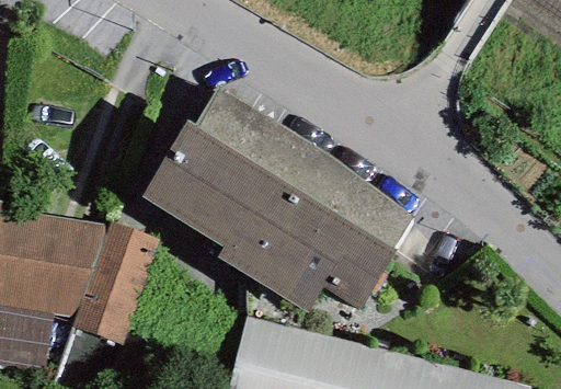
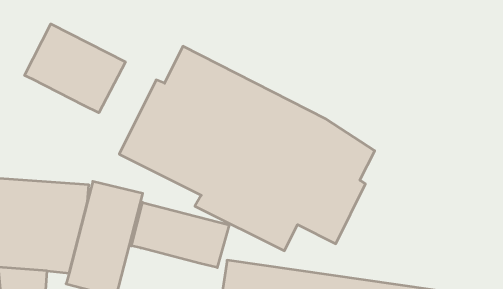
building: none -> [25,24,125,113]
building: none -> [131,202,229,268]

